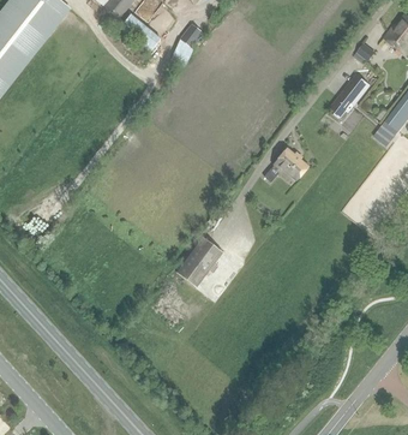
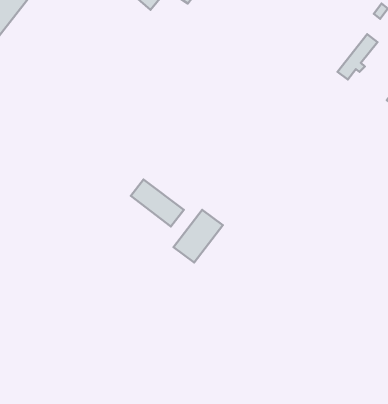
building: [264,149,307,183] -> none
building: none -> [131,179,184,226]

